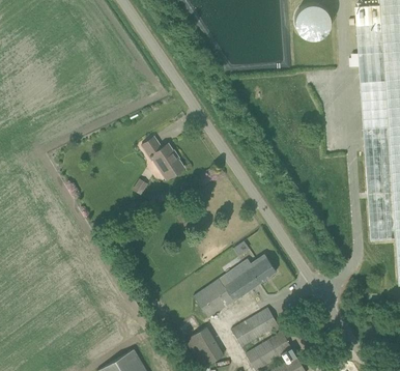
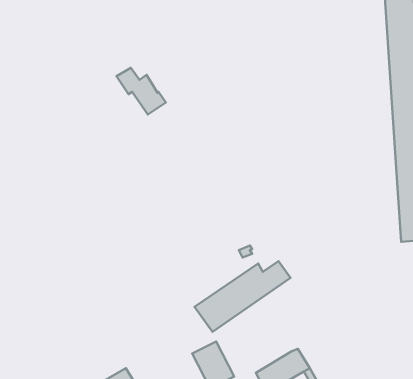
building: [142,137,184,177] -> [117,68,166,115]
building: [232,307,283,346] -> none

